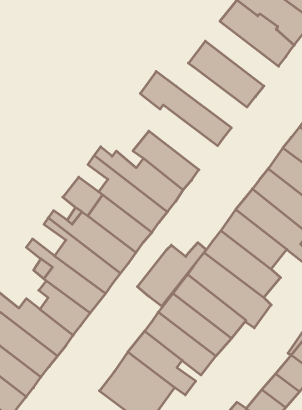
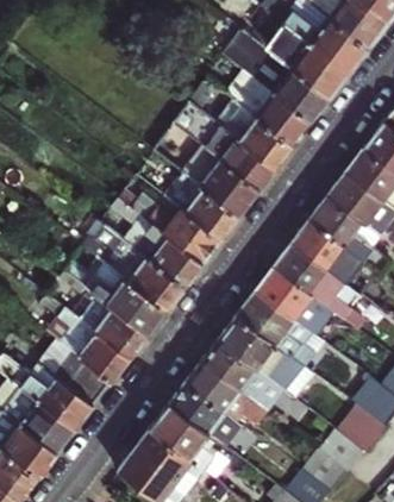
building: none -> [224,34,326,123]
building: none -> [209,100,290,170]
building: none -> [152,139,257,218]
building: [137,243,206,306] -> none

